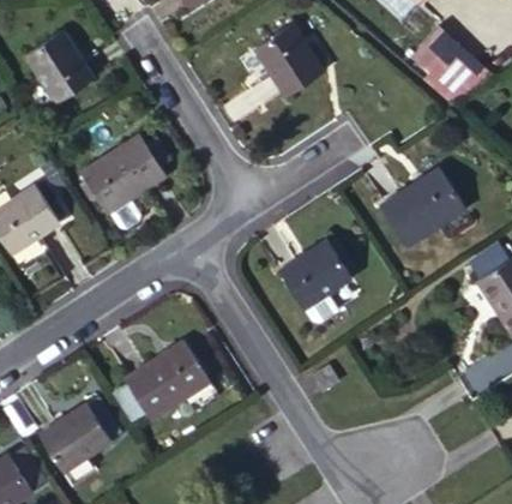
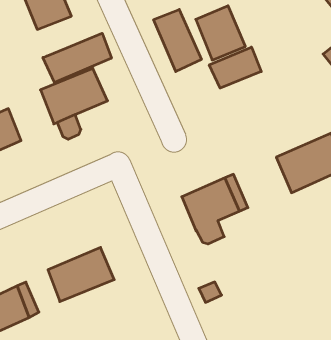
building: none -> [154,9,201,72]
building: none -> [209,47,261,88]
building: none -> [43,33,111,82]

